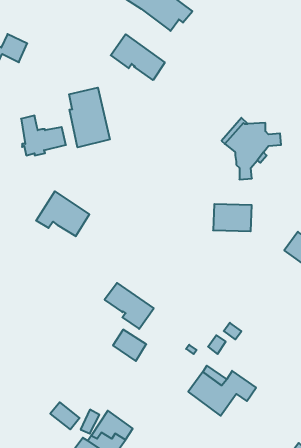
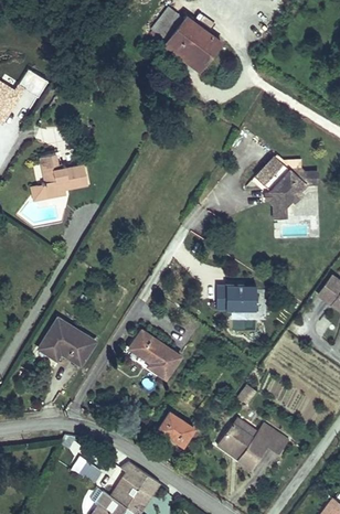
building: [111,34,165,80] -> none
building: [69,88,110,147] -> none
building: [36,191,89,236] -> [39,319,95,366]
building: [213,204,252,231] -> [216,283,257,312]
building: [113,330,146,361] -> [159,414,194,447]

